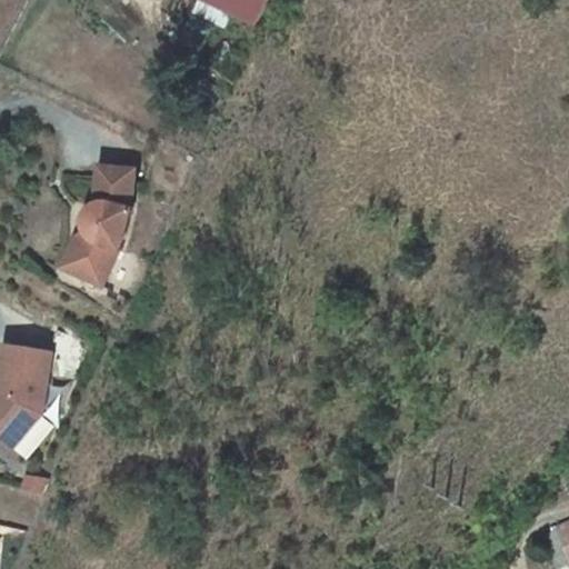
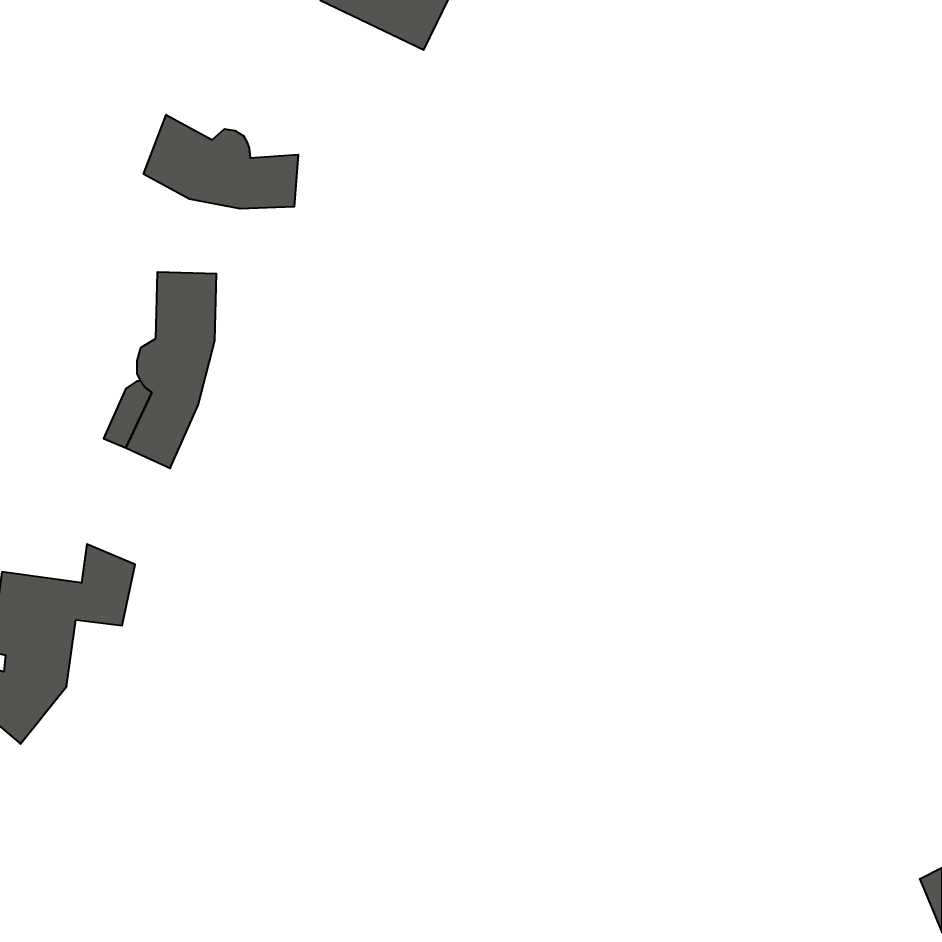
building: none -> [144,115,298,209]

